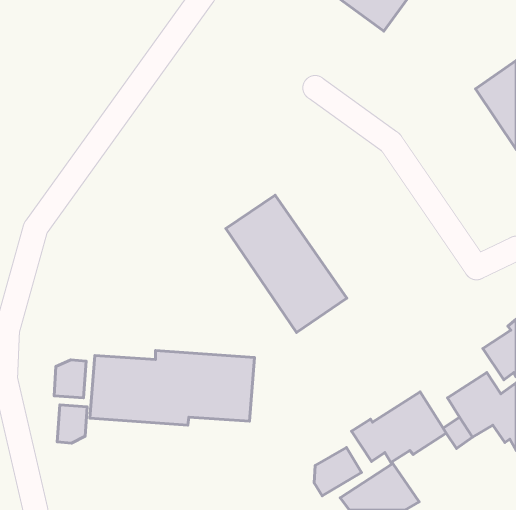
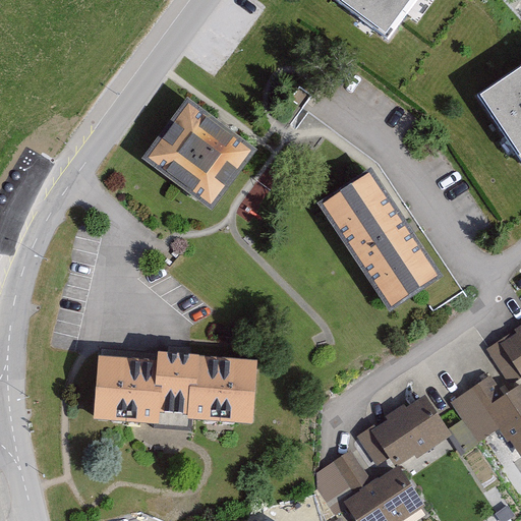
building: none -> [143,99,255,207]
building: [226,195,347,333] -> [317,172,440,310]
building: [54,360,86,398] -> none
building: [57,405,87,443] -> none

